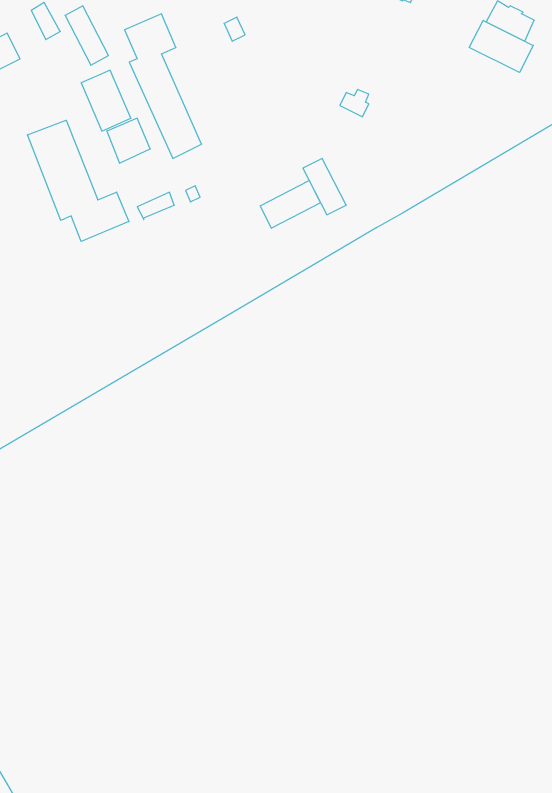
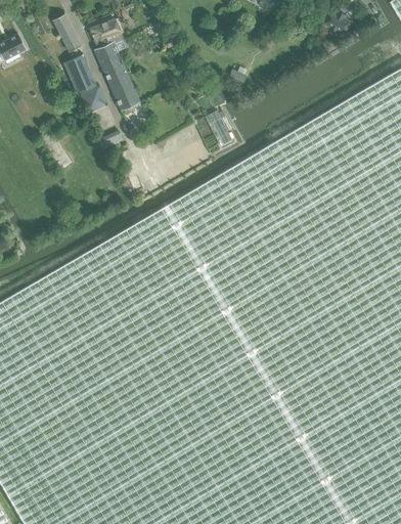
building: [469,20,533,72] -> none
building: [27,120,129,241] -> none
building: [260,180,321,228] -> none

